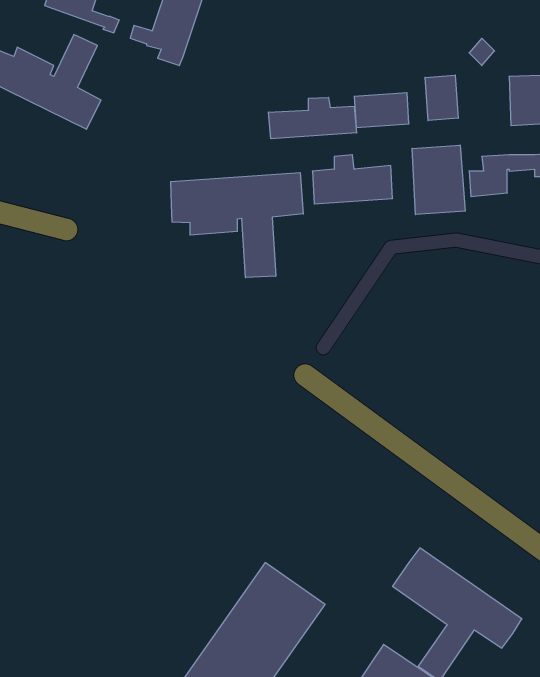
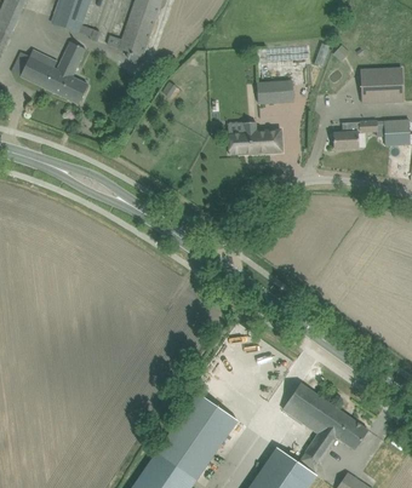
building: [425,75,458,121] -> none
building: [269,97,357,139] -> none
building: [412,145,465,215] -> none
building: [171,173,303,278] -> none

